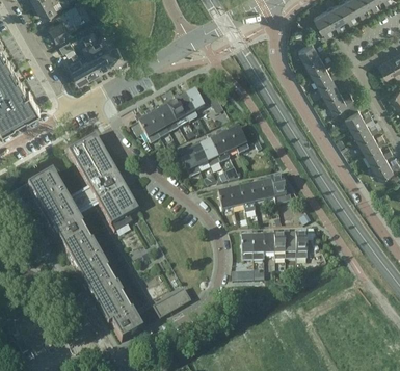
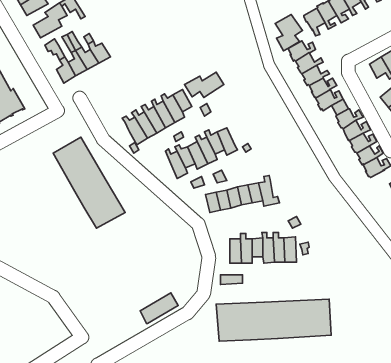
building: none -> [275,14,302,51]
building: none -> [185,72,224,97]
building: [27,173,142,342] -> none
building: none -> [216,299,331,341]

